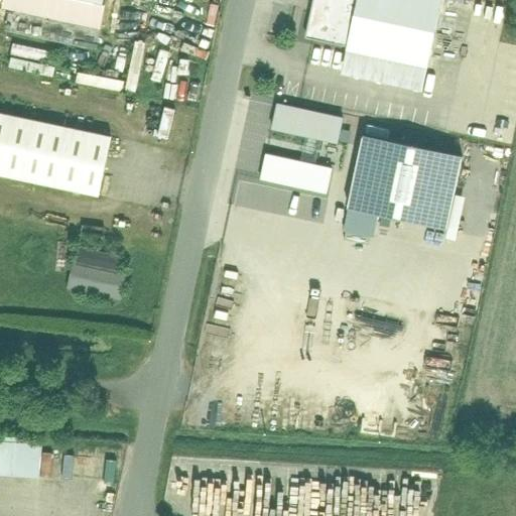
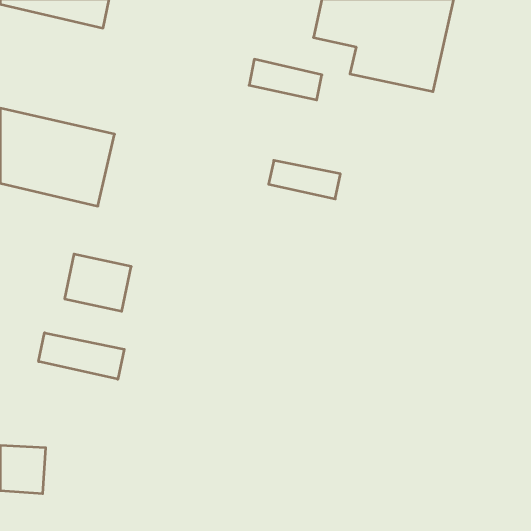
building: [271,103,342,142] -> [249,59,322,100]
building: [343,136,461,236] -> none
building: none -> [39,333,124,379]

